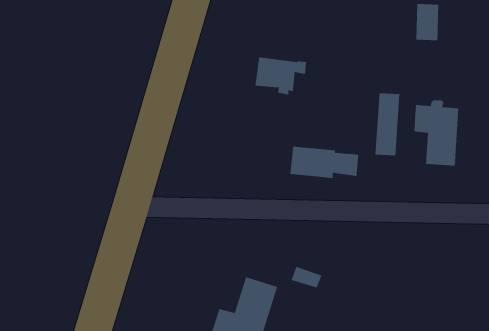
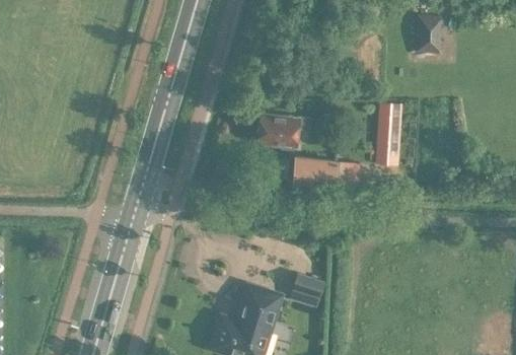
building: [254,56,307,95] -> [259,114,310,152]
building: [413,99,459,167] -> none

